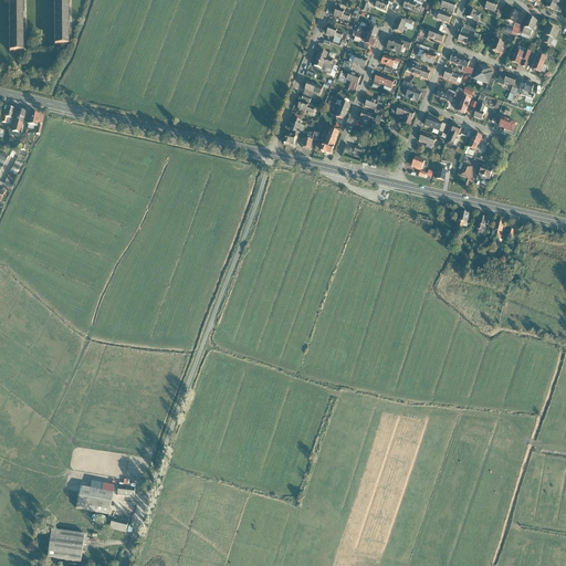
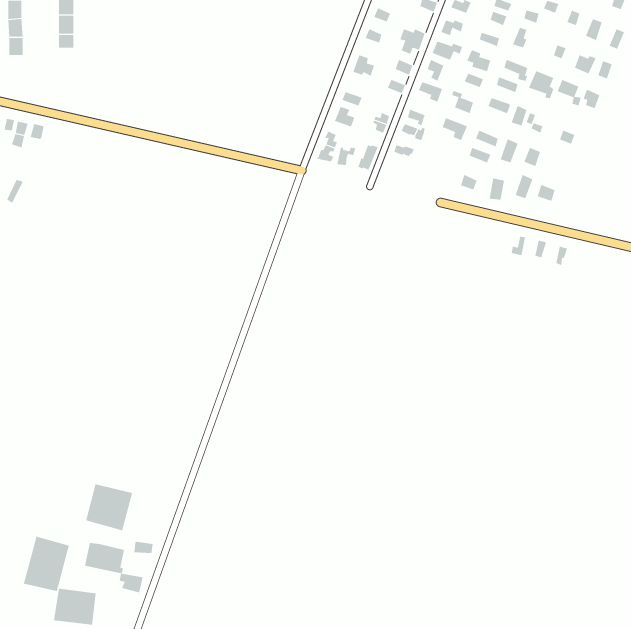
building: none -> [85,483,133,531]
building: none -> [23,536,69,592]

